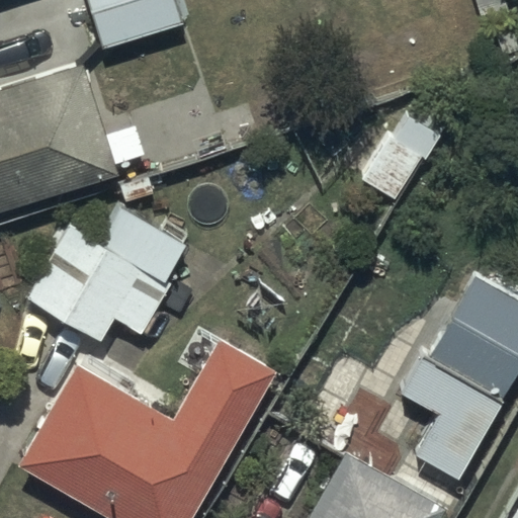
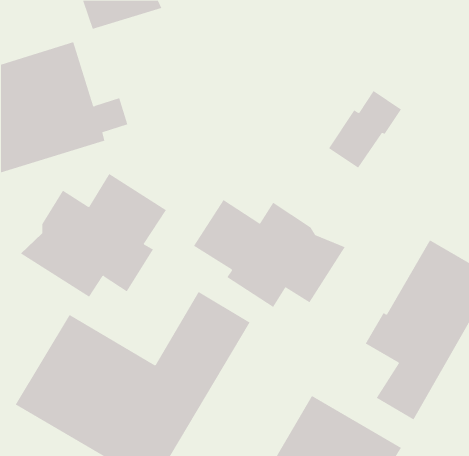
building: none -> [193,199,345,308]

